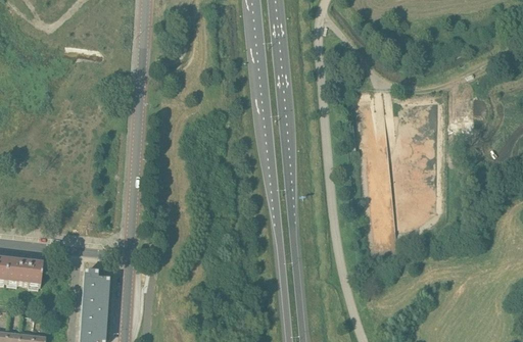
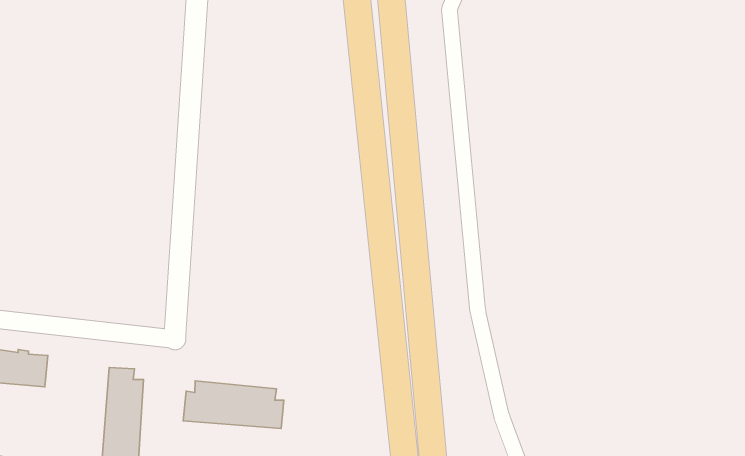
building: none -> [183,381,284,428]

